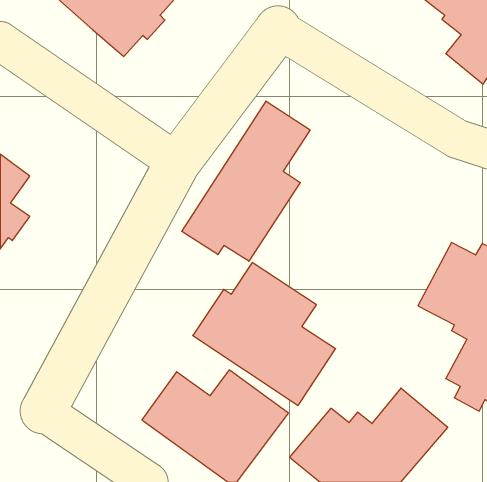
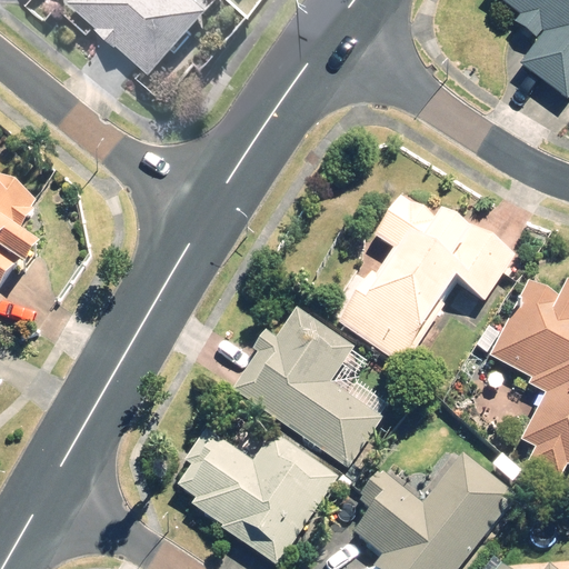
building: [182,101,310,261] -> none
building: none -> [338,197,513,362]

